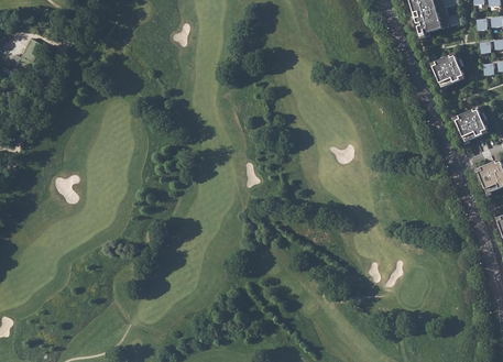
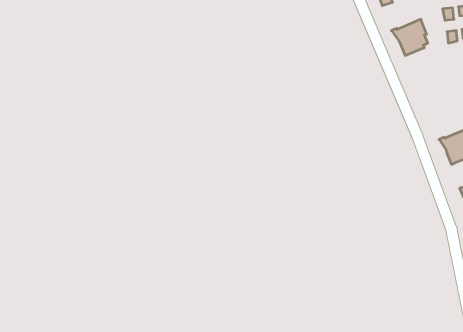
building: [452,106,488,141] -> none

